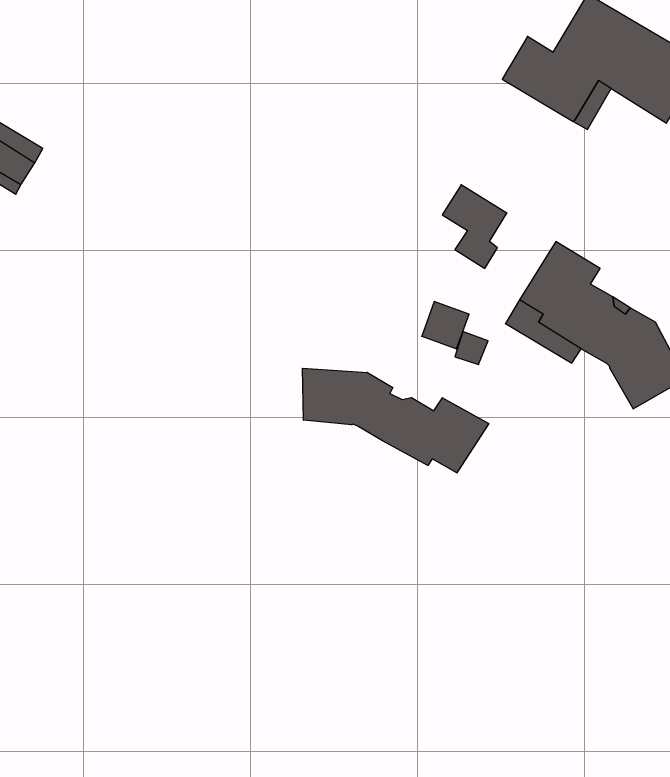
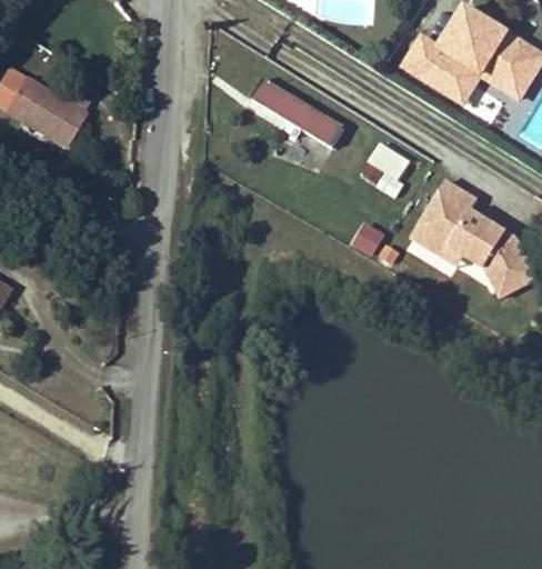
building: none -> [253,78,347,149]
building: [303,368,489,473] -> none

